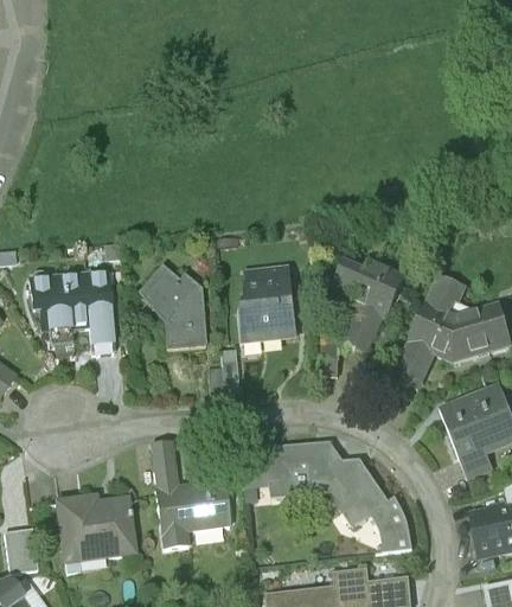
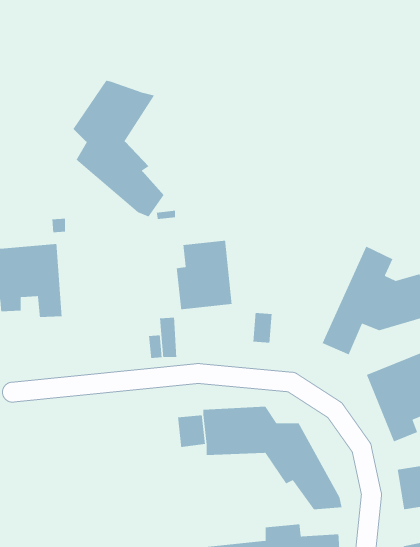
building: none -> [73,80,165,218]
building: [329,256,408,351] -> none
building: [137,266,204,347] -> none
building: [151,459,226,549] -> none
building: [53,494,135,564] -> none

